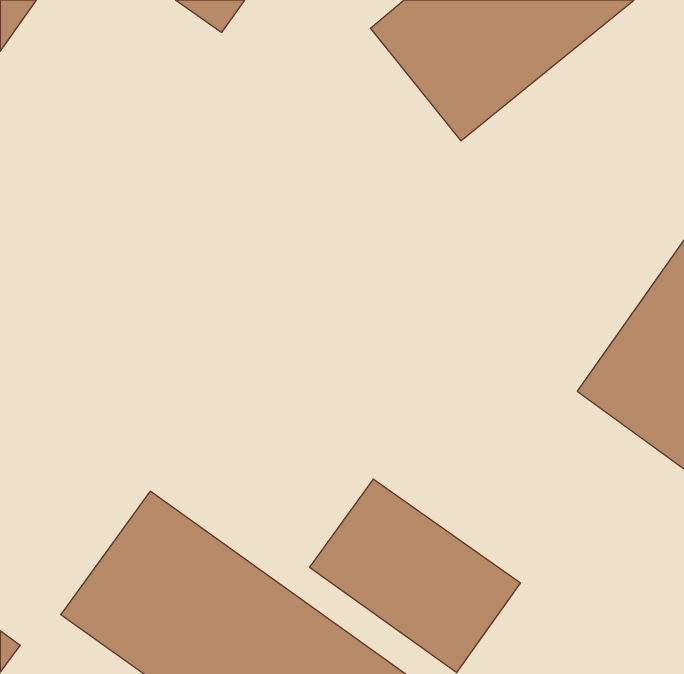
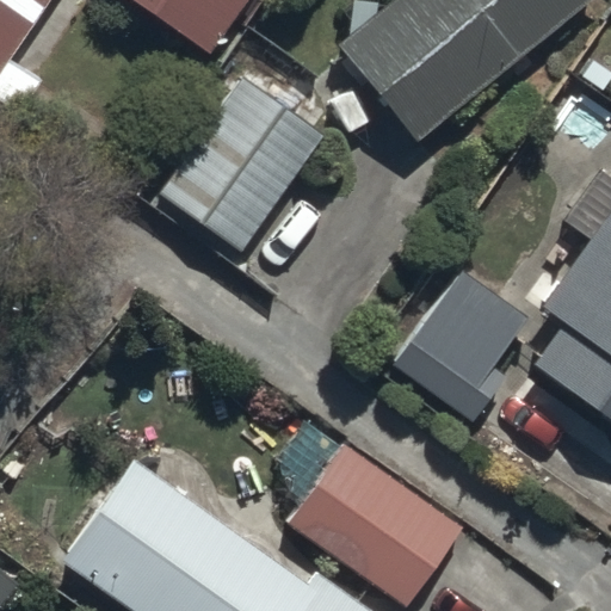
building: none -> [156,64,337,257]
building: none -> [390,269,537,421]

